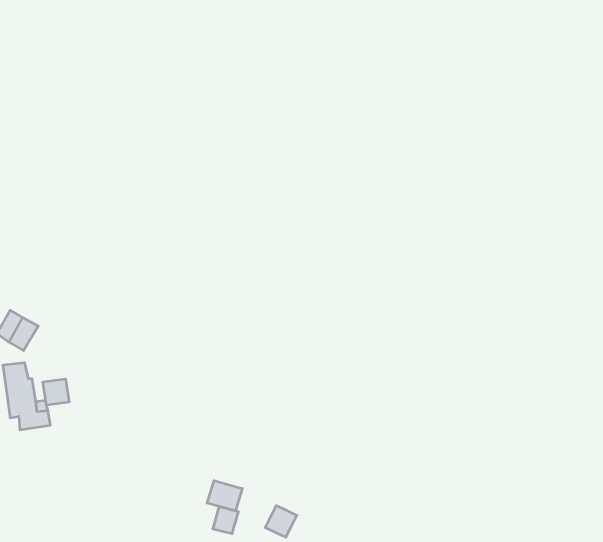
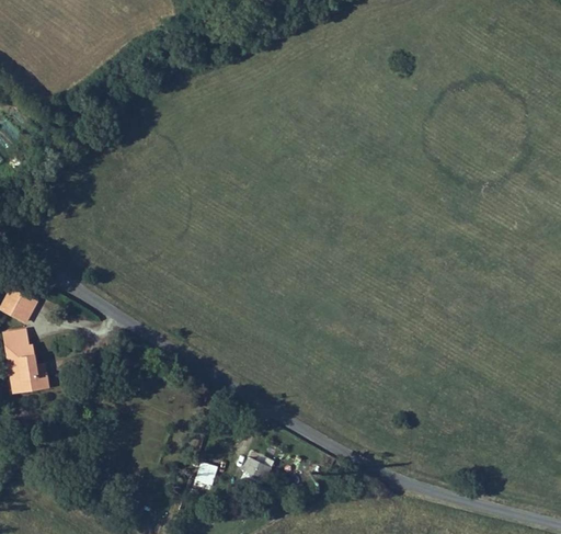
building: [43,379,69,405] -> none
building: [207,481,242,511] -> none

